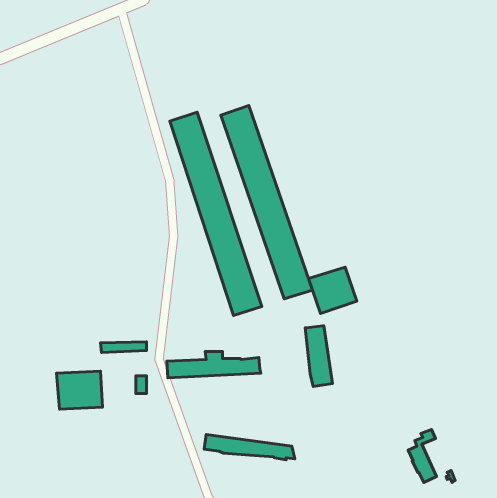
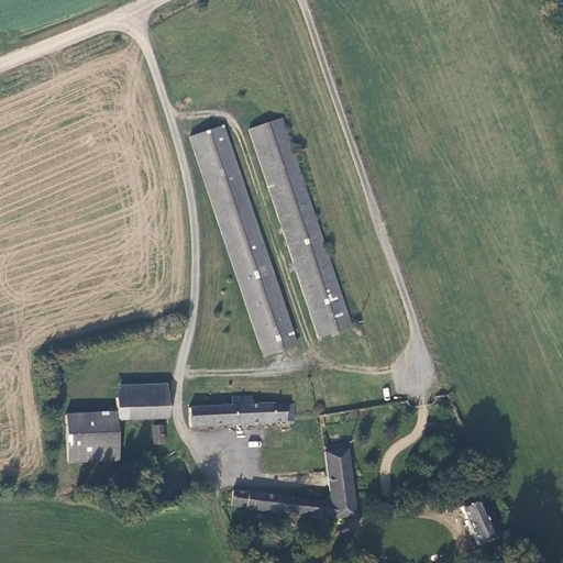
building: [309,267,357,313] -> none
building: [305,326,333,387] -> [325,449,356,517]
building: none -> [117,395,168,418]

